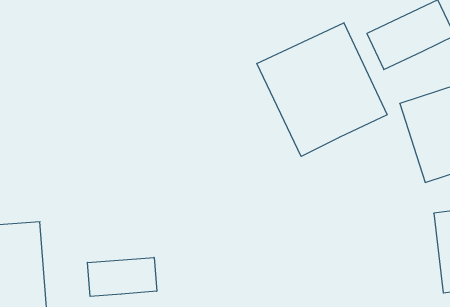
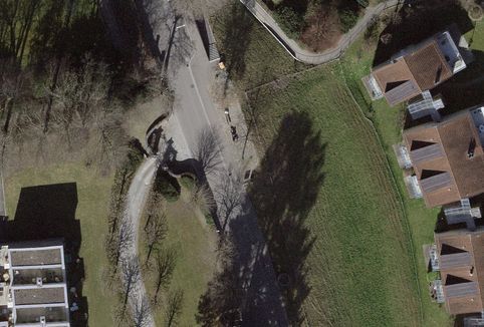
building: [257,23,387,156] -> none
building: [87,257,157,296] -> none

